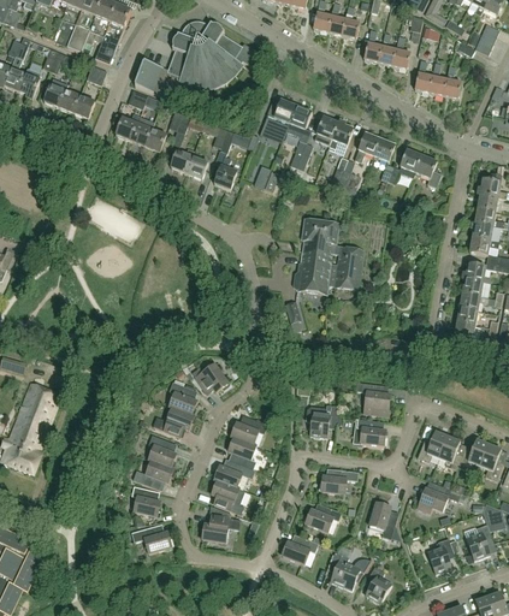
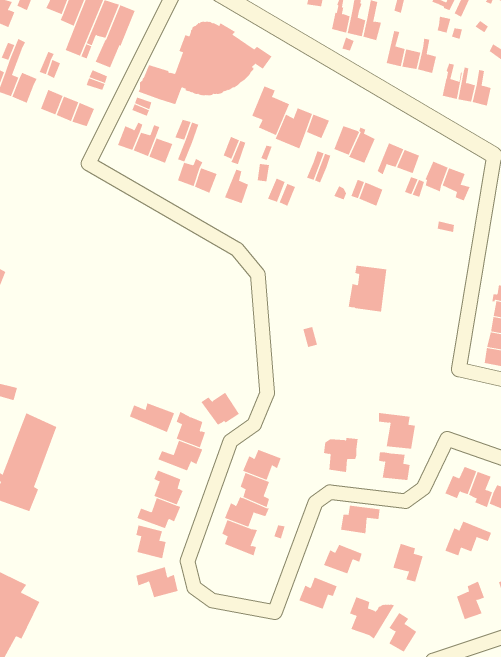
building: none -> [252,85,290,136]
building: [294,218,339,294] -> none
building: none -> [129,402,175,433]
building: [202,514,242,541] -> none

